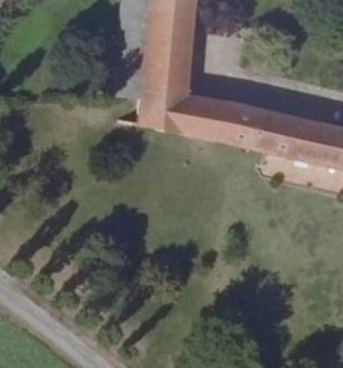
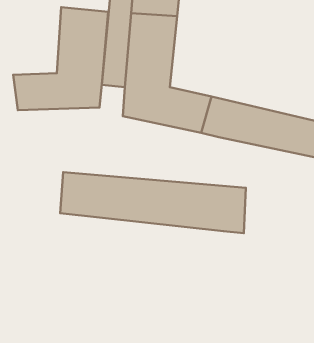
building: none -> [13,7,108,110]
building: none -> [60,172,246,233]

